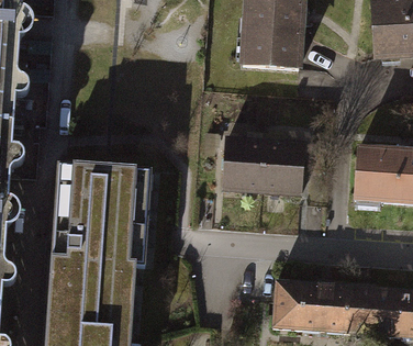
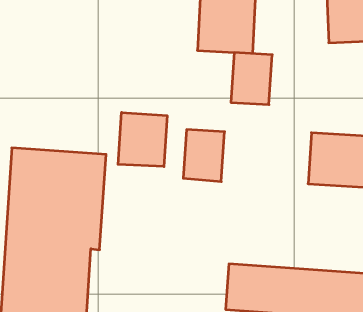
building: none -> [118,112,167,167]
building: [266,146,308,199] -> [231,53,272,105]

